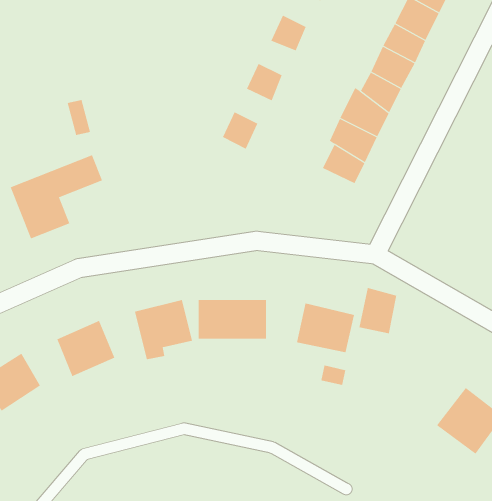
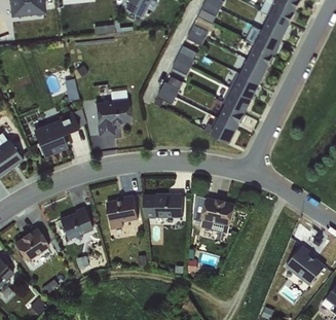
building: none -> [95,99,129,136]
building: none -> [203,116,236,140]
building: [359,287,397,334] -> none

